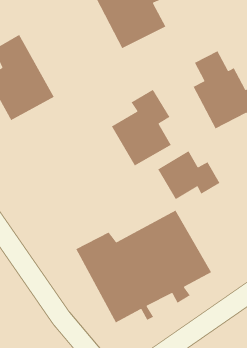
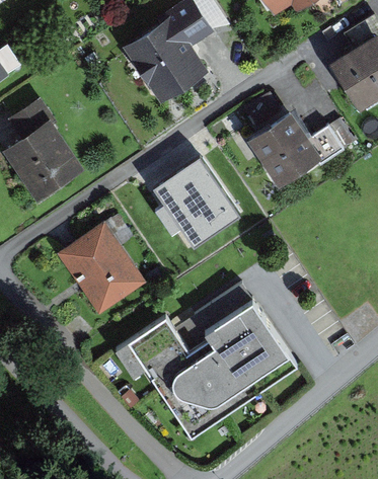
building: none -> [57,221,146,315]
building: [157,150,220,200] -> none

